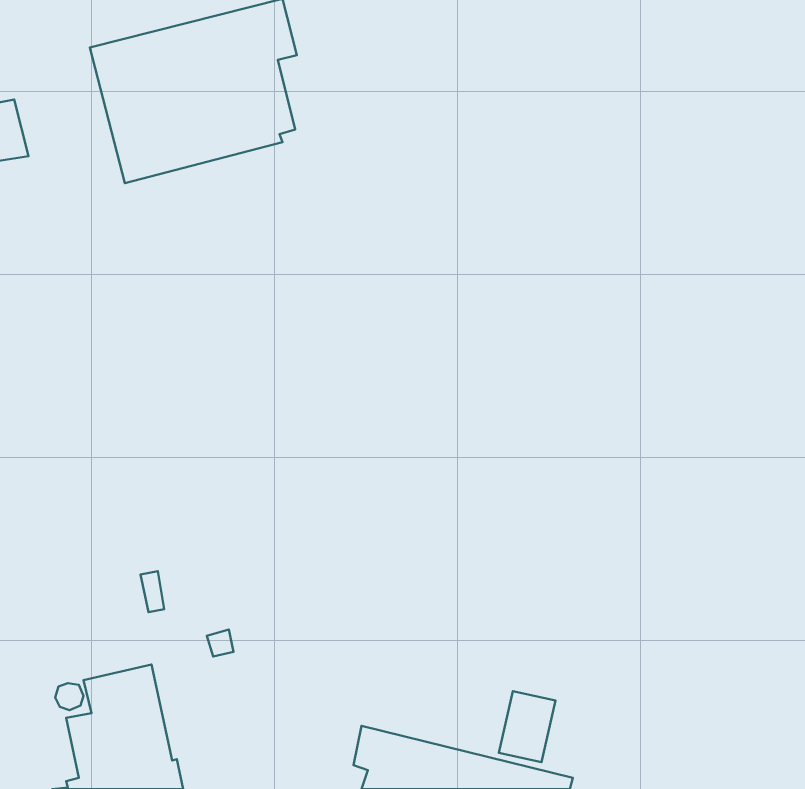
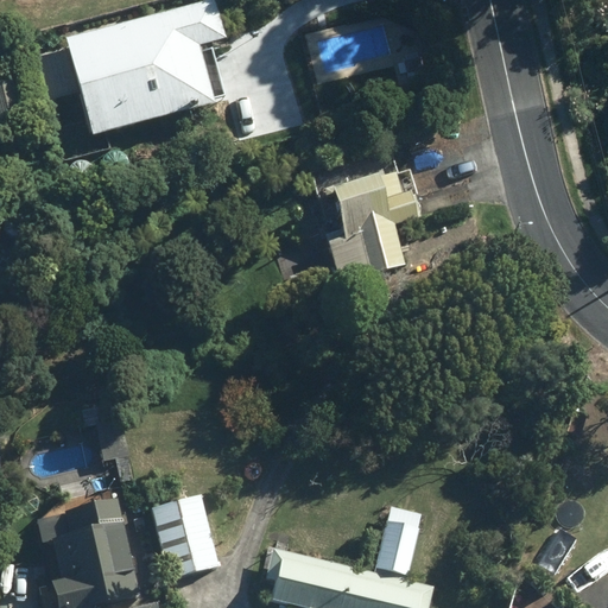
building: none -> [319,179,419,284]
building: none -> [148,493,217,577]

